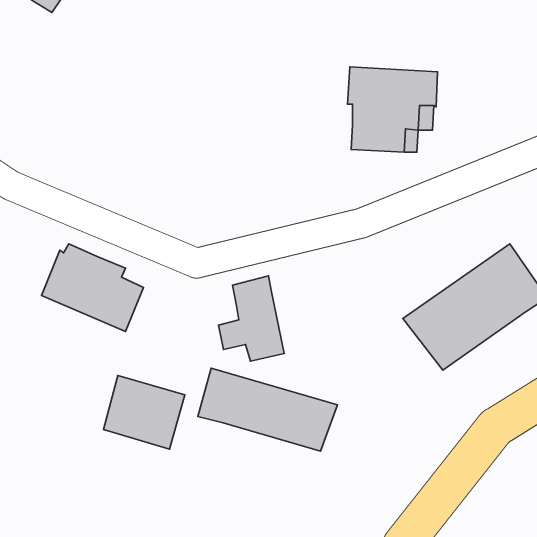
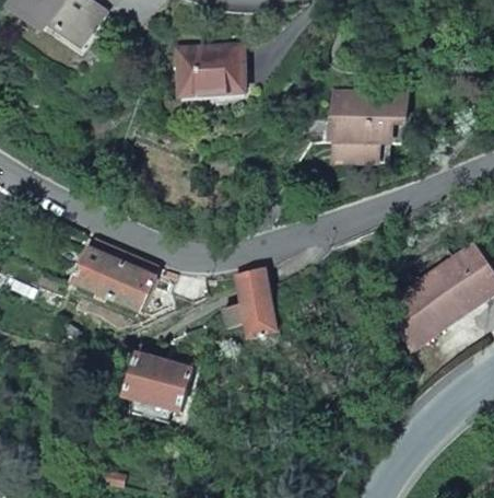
building: none -> [178,45,245,94]
building: [198,368,337,451] -> none

